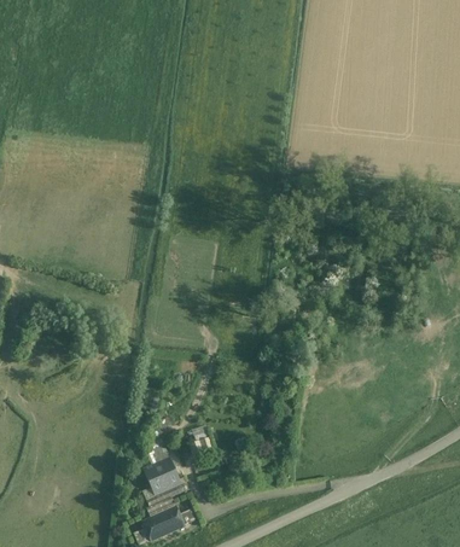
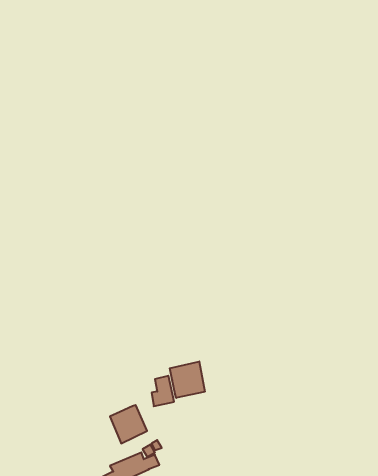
building: none -> [170,361,205,398]

